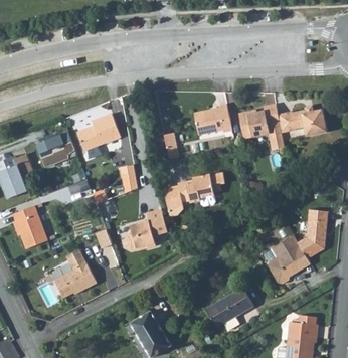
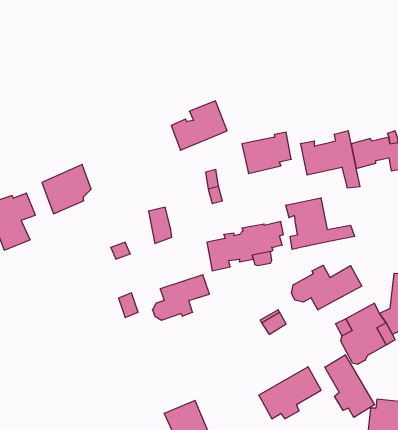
building: [74,115,118,153] -> [171,101,227,150]
building: none -> [286,198,355,249]
building: [15,205,49,248] -> none
building: none -> [292,265,362,310]
building: [54,248,97,297] -> none
building: none -> [325,355,374,417]

